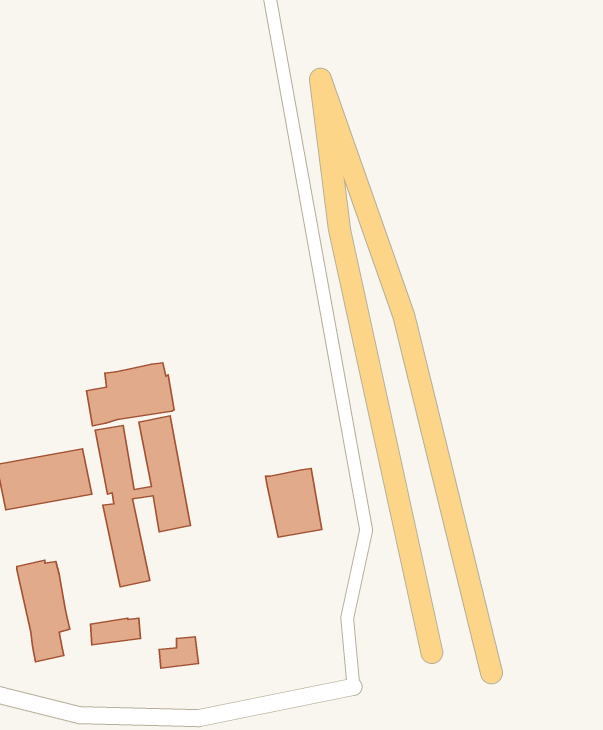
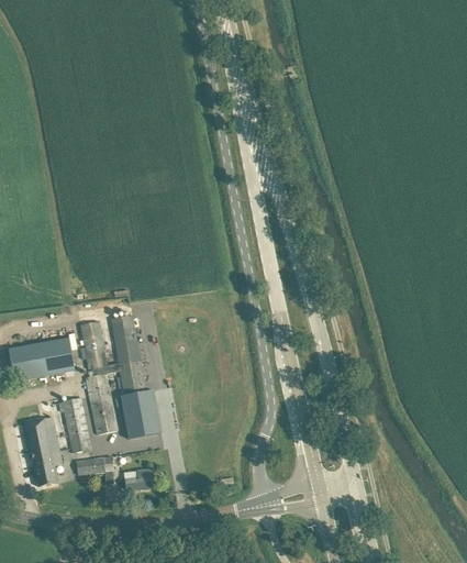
building: [87,363,174,426] -> none
building: [266,468,322,537] -> [121,389,160,438]
building: none -> [62,396,91,452]

